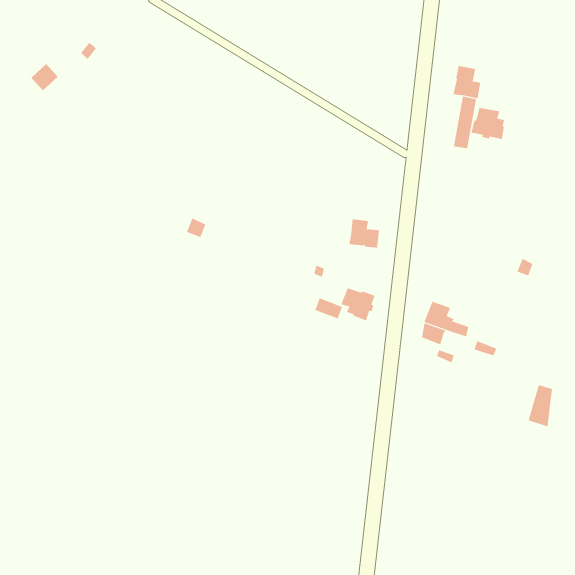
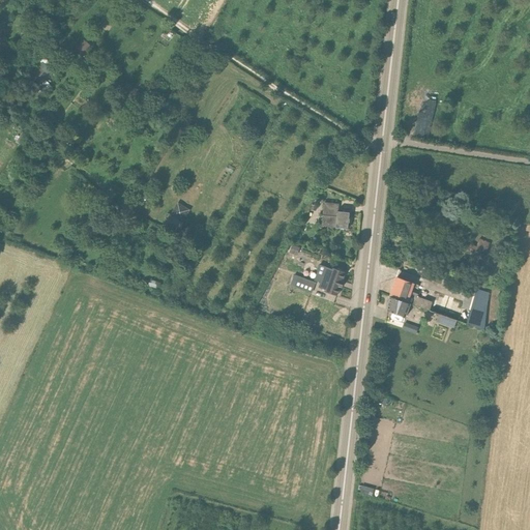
building: [453,65,481,99] -> none
building: [471,107,505,140] -> none
building: [528,384,553,427] -> [465,290,488,329]

